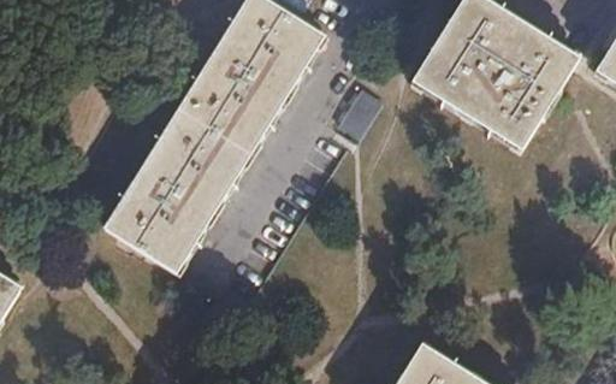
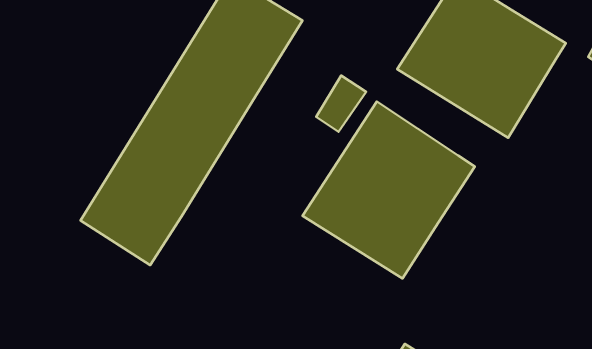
building: none -> [303,102,475,279]

